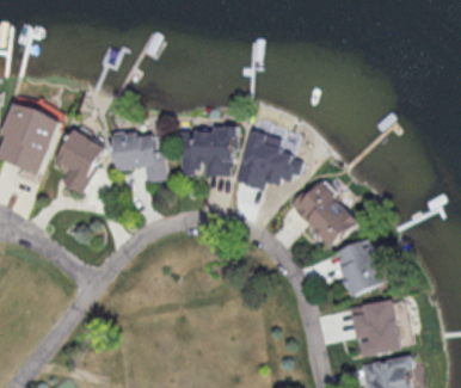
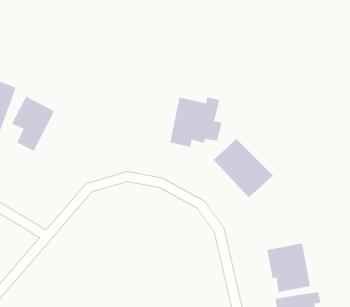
building: [178,125,234,177] -> none
building: [111,130,165,183] -> none
building: [333,239,383,295] -> none

